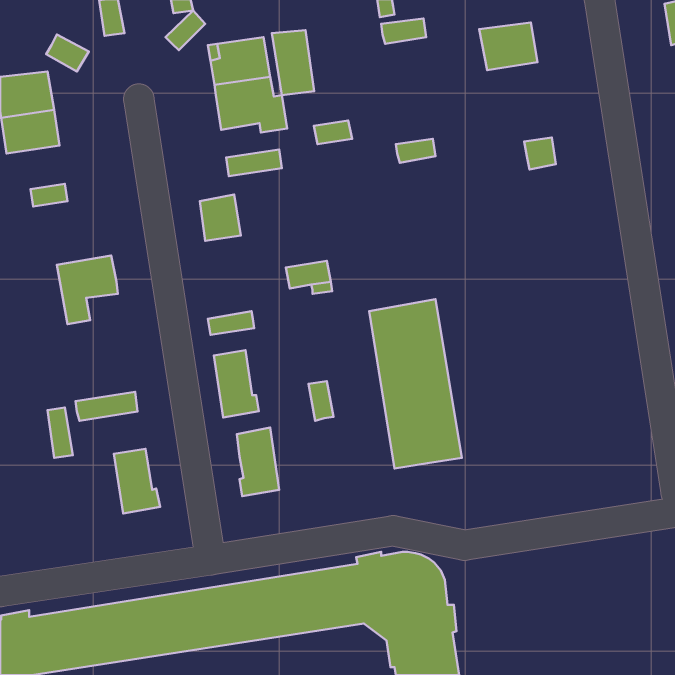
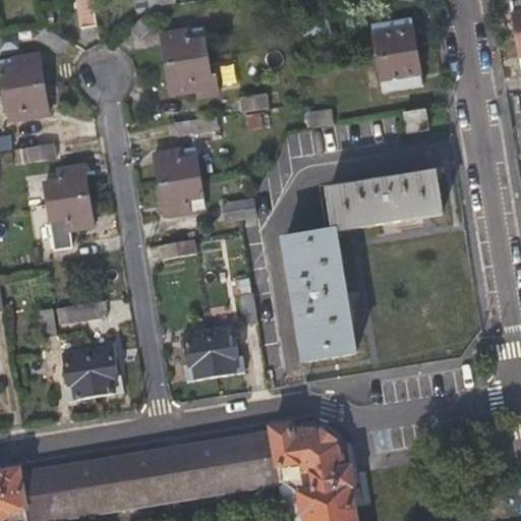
building: [272,30,314,95] -> none
building: none -> [375,48,420,88]
building: none -> [42,168,86,204]
building: none -> [330,173,440,230]
building: none -> [159,178,206,215]
building: [214,350,259,418] -> [209,325,243,377]
building: none -> [62,349,96,399]

